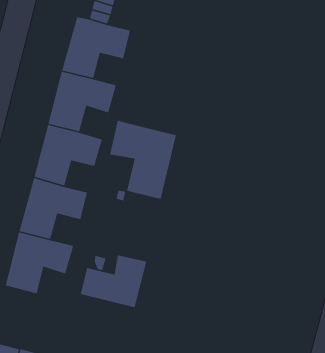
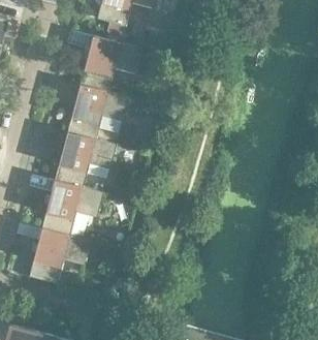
building: [109,120,177,200] -> none
building: [80,255,147,308] -> none

